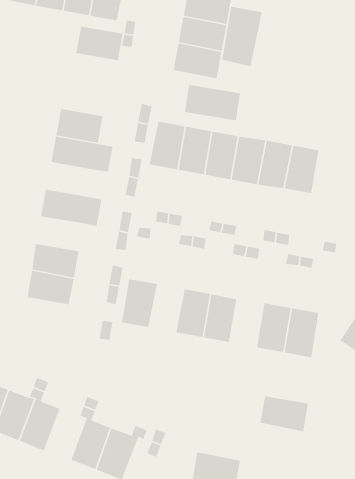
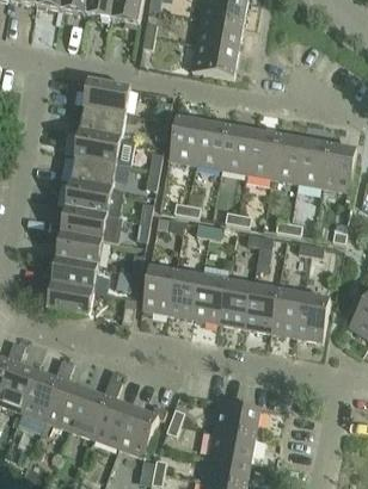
building: [221,6,262,67] -> none
building: [75,26,123,61] -> [84,79,129,112]
building: [184,84,241,121] -> none
building: none -> [321,144,356,191]
building: none -> [69,156,115,188]
building: none -> [60,208,106,240]
building: none -> [167,271,201,317]
building: none -> [47,284,92,317]
building: none -> [244,285,276,332]
building: [260,395,309,432] -> [213,403,259,438]
building: none -> [68,389,108,438]

